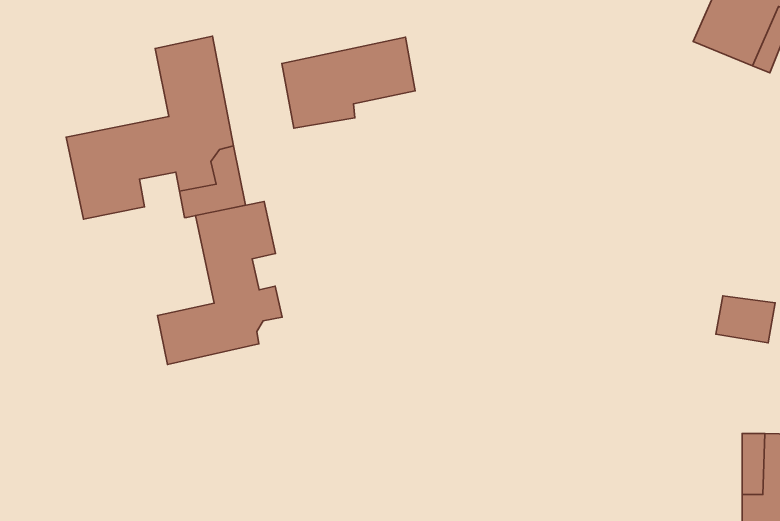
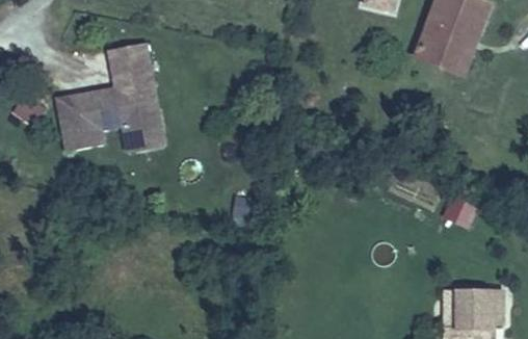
building: [282,37,415,128] -> none
building: [158,201,282,365] -> none

